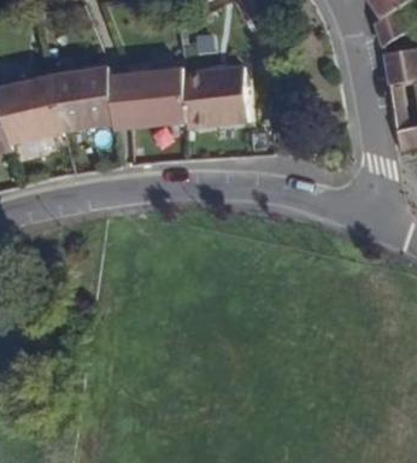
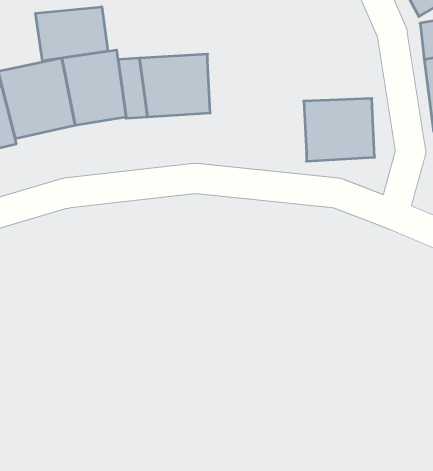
building: none -> [36,7,108,61]
building: [192,74,256,130] -> [304,98,375,161]

